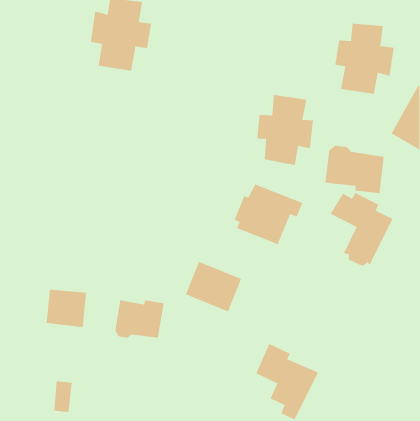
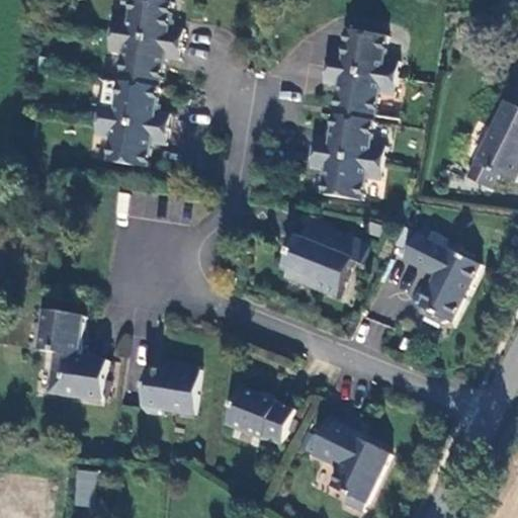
building: [334,23,395,94] -> [324,34,397,120]
building: none -> [96,80,170,165]
building: [325,145,384,194] -> none
building: none -> [31,301,81,350]
building: [185,261,242,312] -> [226,381,294,443]

